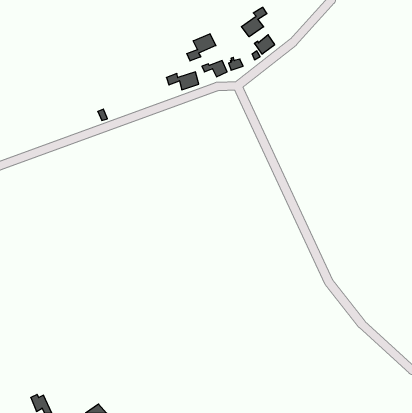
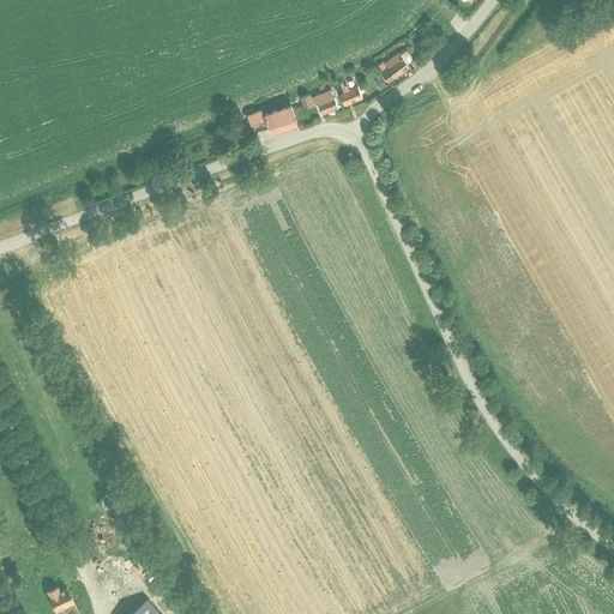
building: [241,7,267,37] -> none
building: [187,34,216,61] -> none

